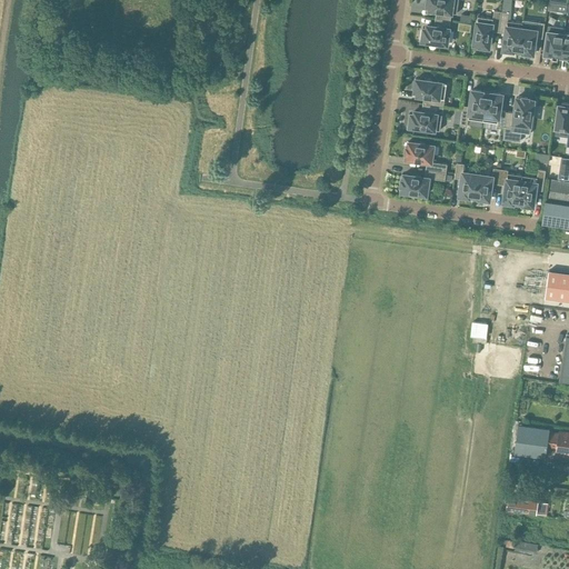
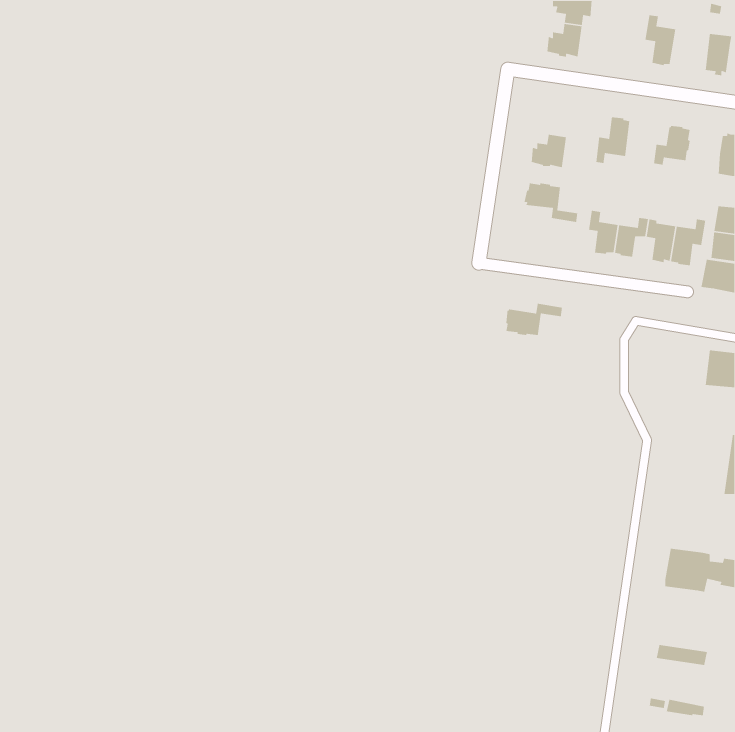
building: [473,12,501,49] -> none
building: [518,22,545,56] -> none
building: [415,81,447,109] -> none
building: [483,94,507,129] -> none
building: [401,171,446,197] -> [505,303,563,336]

